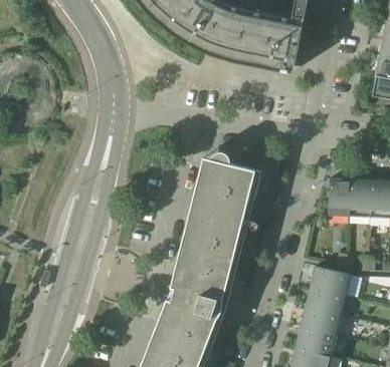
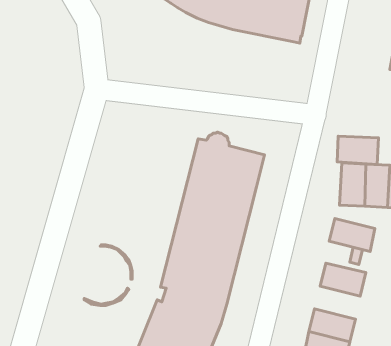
building: none -> [337,136,379,165]
building: [306,286,346,315] -> [329,218,375,251]

